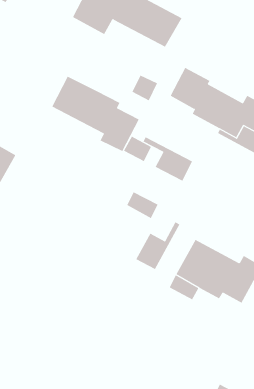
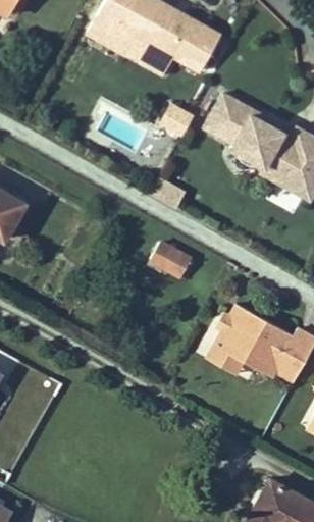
building: [51,76,140,152] -> none
building: [143,137,193,181] -> none
building: [136,222,180,270] -> none

